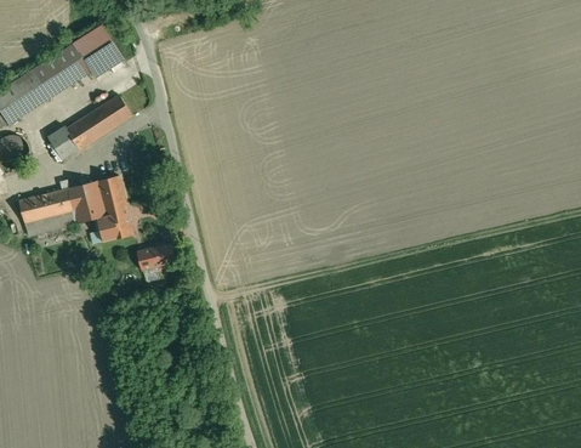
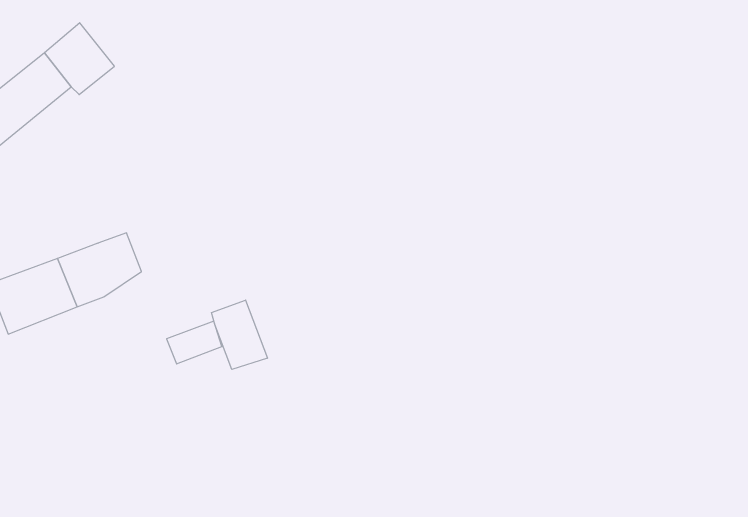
building: [47,96,132,159] -> none
building: [97,204,132,242] -> none
building: none -> [211,300,267,369]

